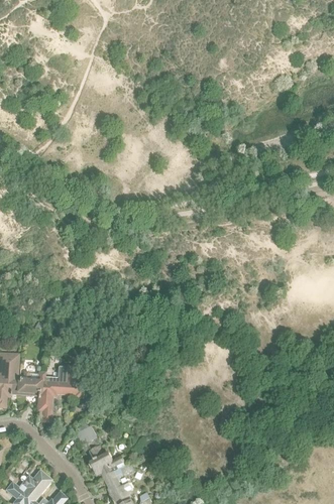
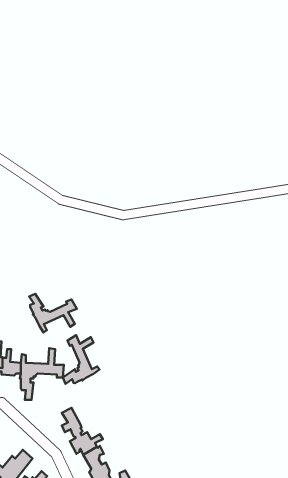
building: none -> [29,294,77,332]
building: none -> [63,335,99,384]

